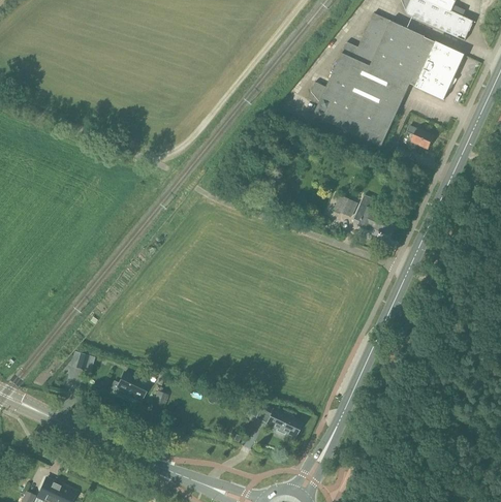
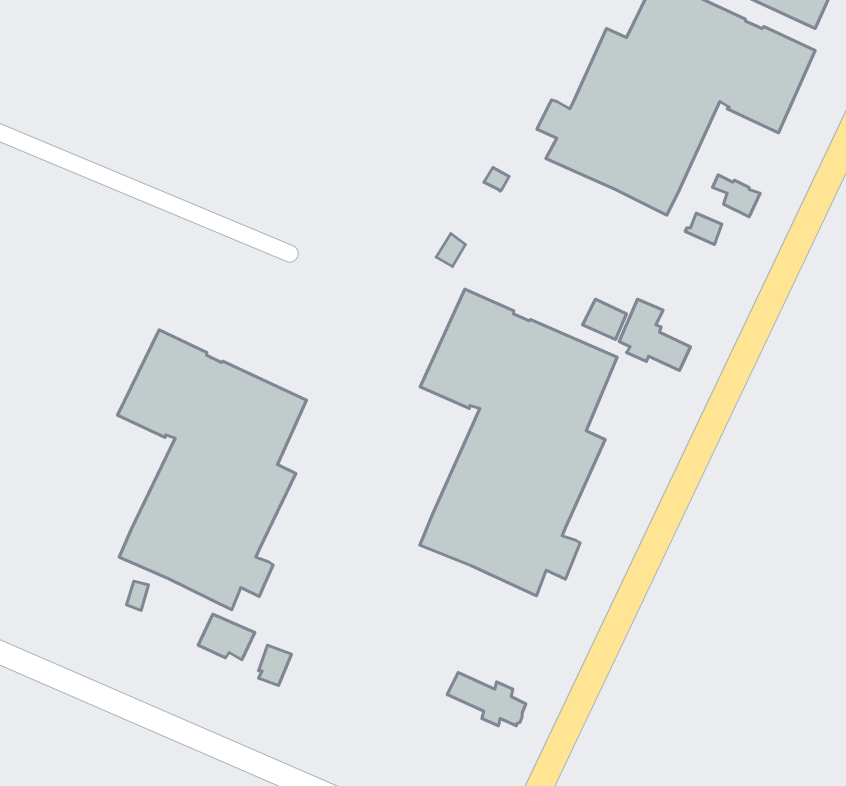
building: none -> [420,289,617,596]
building: none -> [118,330,307,610]

